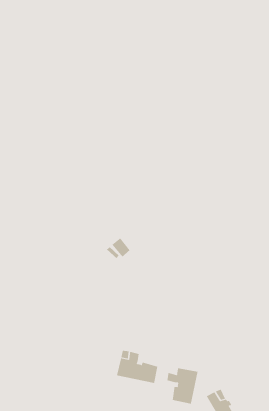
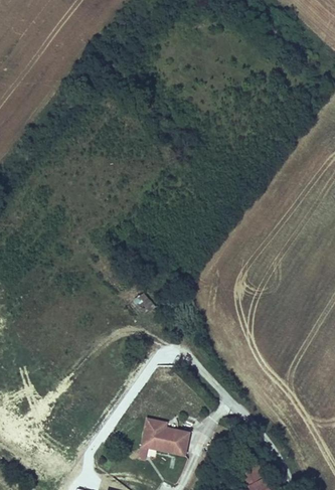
building: [167,368,198,404] -> none

